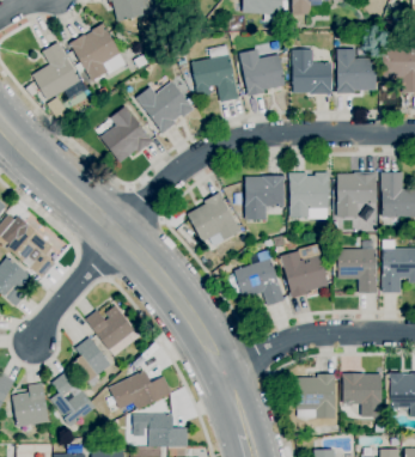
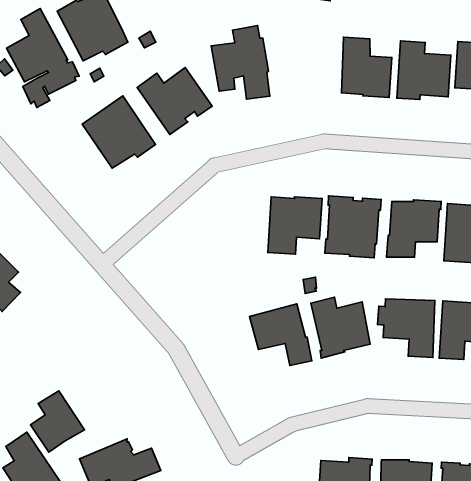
building: [240,50,287,97] -> none
building: [188,193,242,246] -> none
building: [86,306,135,351] -> none

